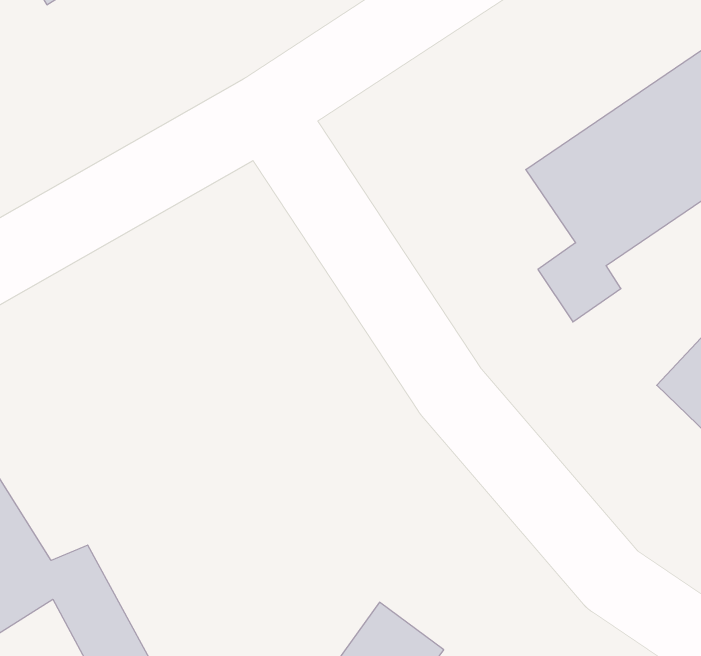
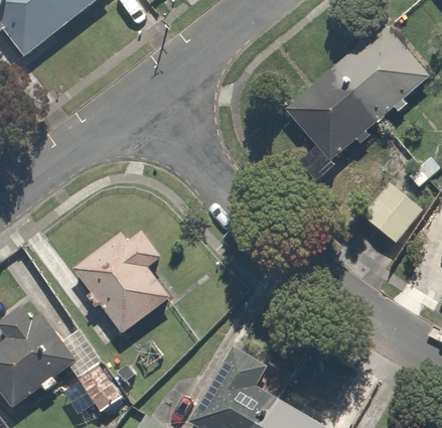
building: none -> [73,228,170,325]

